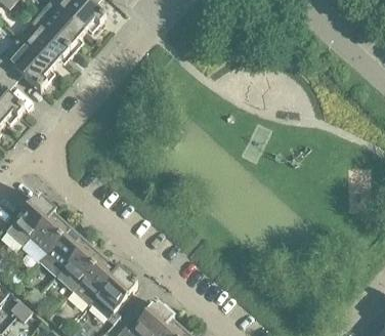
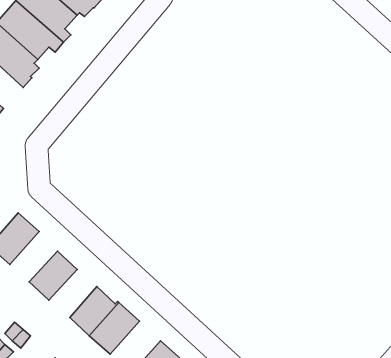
building: [30,212,70,254] -> none
building: [62,244,102,284] -> none

